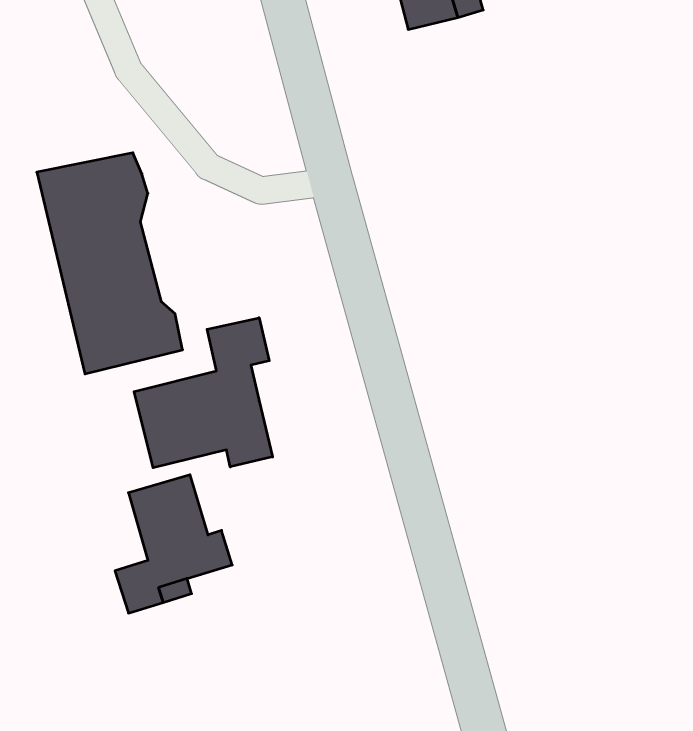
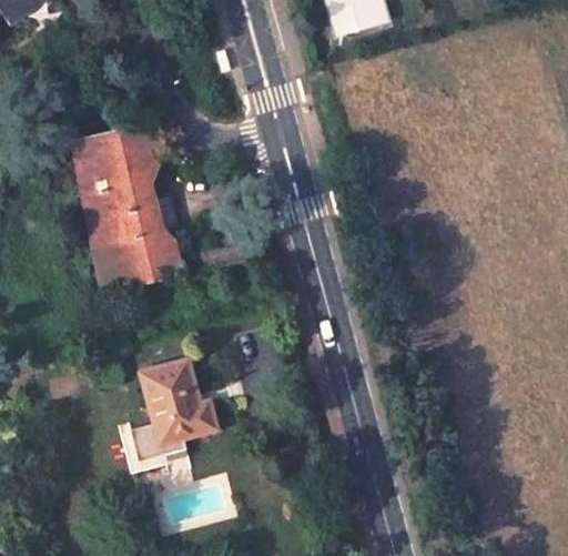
building: [134,318,273,468] -> none

